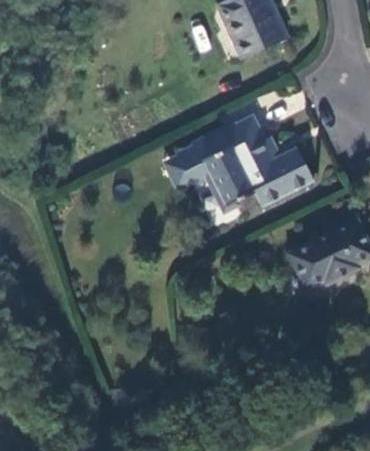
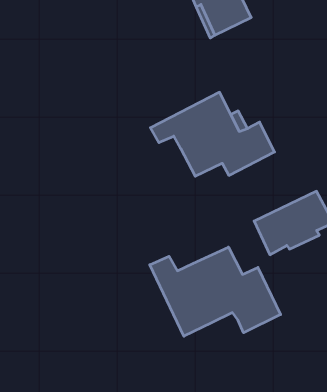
building: [162,154,211,192] -> none
building: none -> [150,247,281,336]

